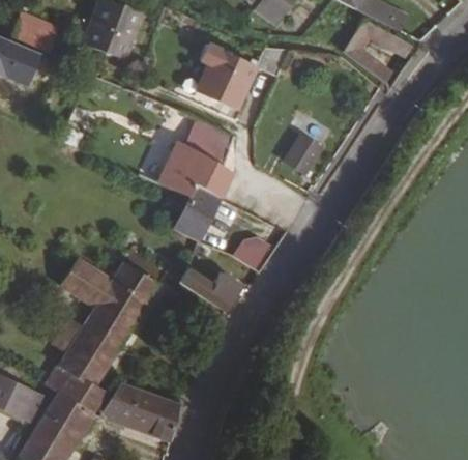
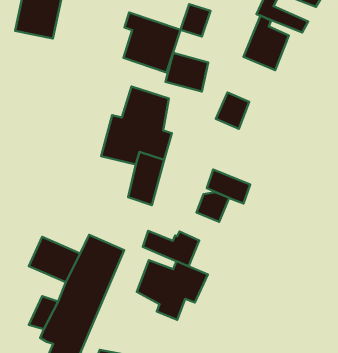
building: none -> [244,16,289,70]
building: none -> [165,53,208,92]
building: none -> [207,169,250,204]
building: none -> [137,260,208,320]

